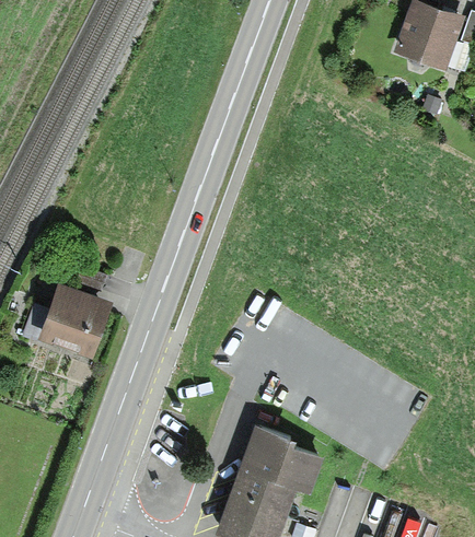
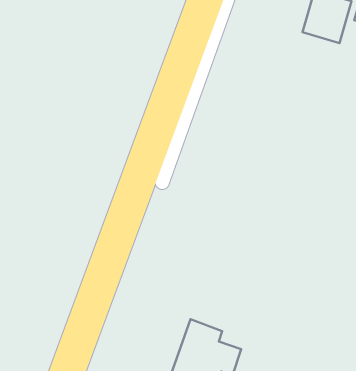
building: [36,285,106,352] -> none

